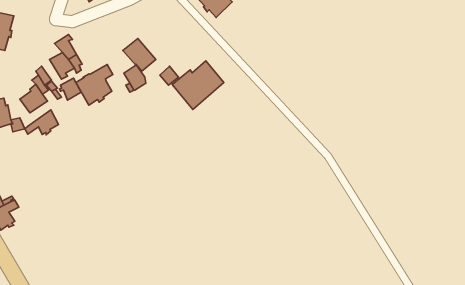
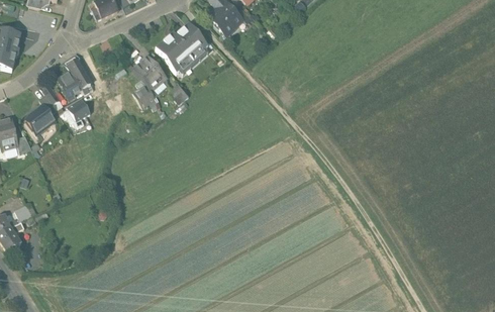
building: [172,61,224,109] -> [156,21,208,71]
building: [76,65,113,105] -> none
building: [25,110,59,135] -> none

